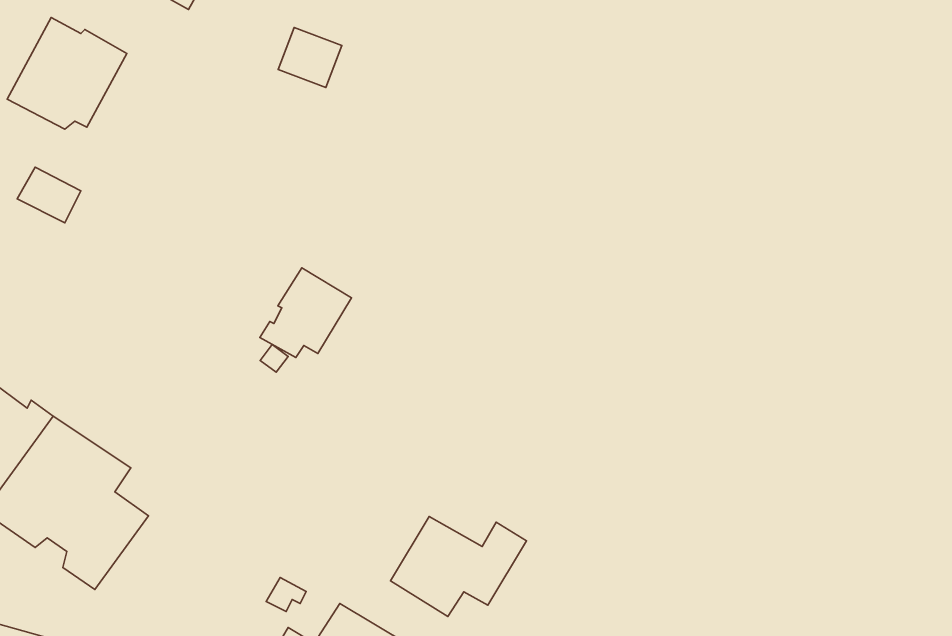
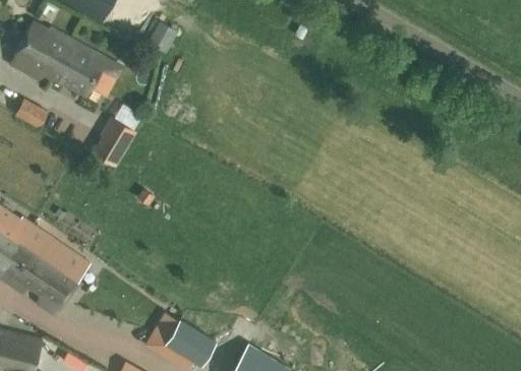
building: none -> [50,40,120,97]
building: [260,268,352,358] -> [90,116,136,162]
building: [391,517,526,617] -> none

